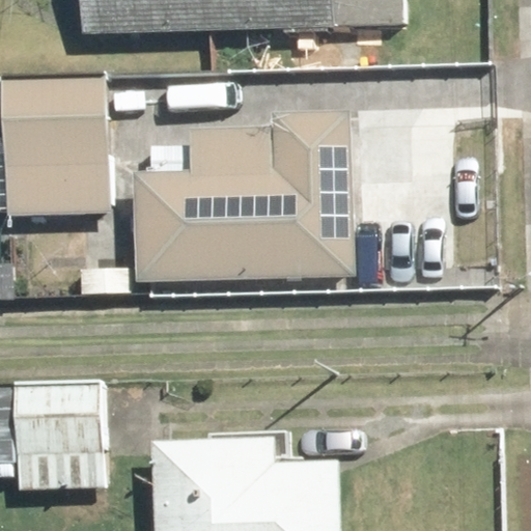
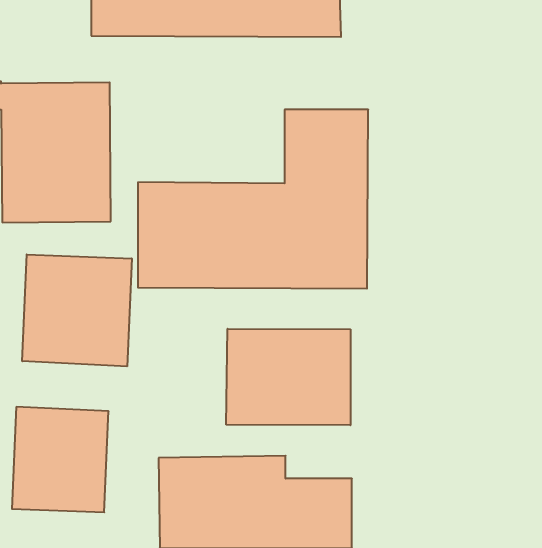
building: none -> [22,254,132,366]
building: none -> [226,329,350,425]

